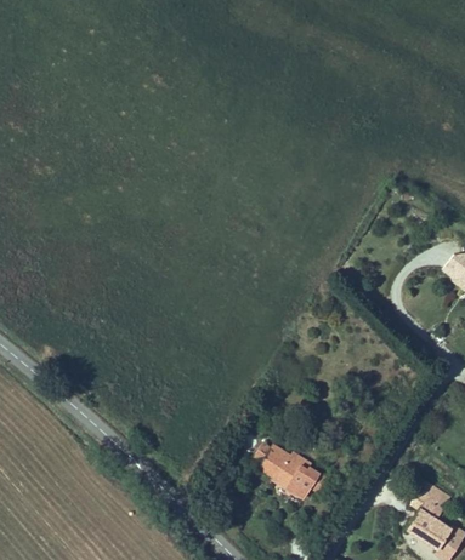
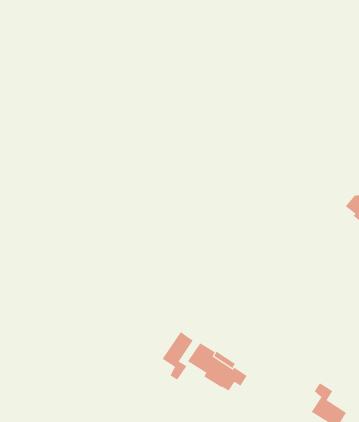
building: none -> [162,331,194,381]

